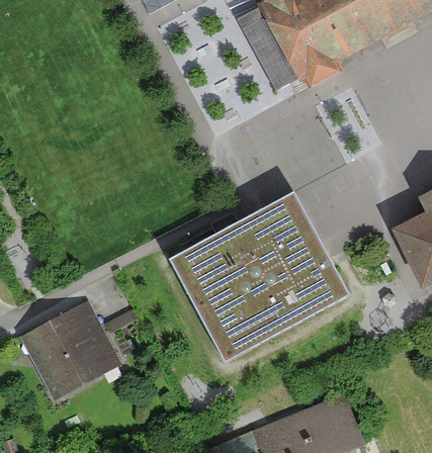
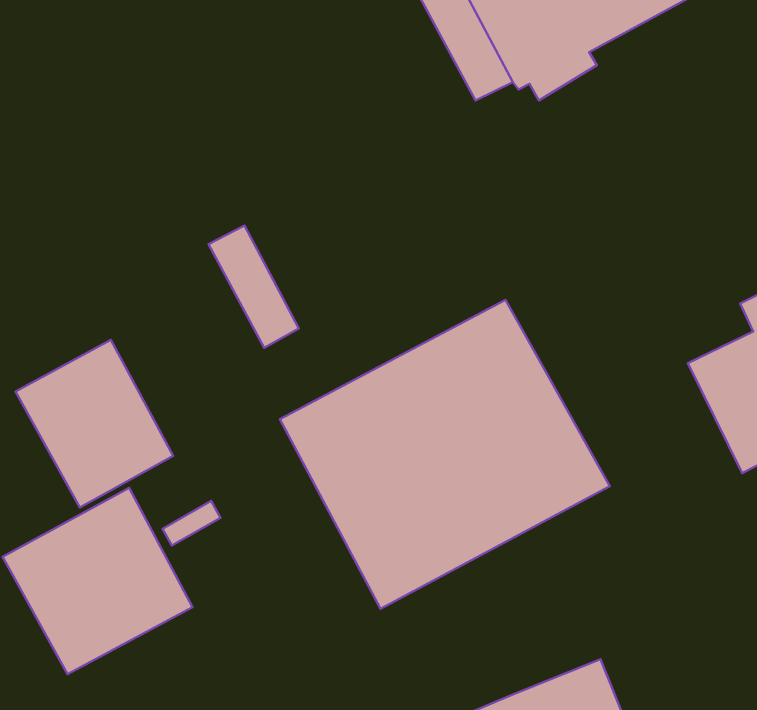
building: none -> [208,225,299,348]
building: none -> [15,340,173,507]

